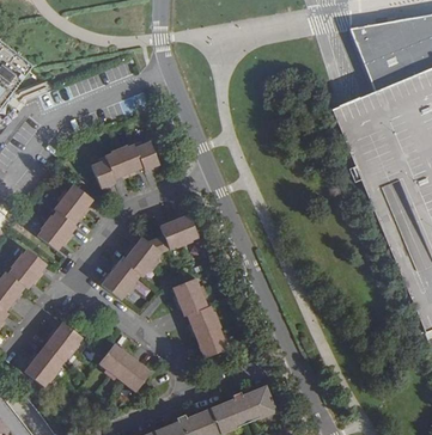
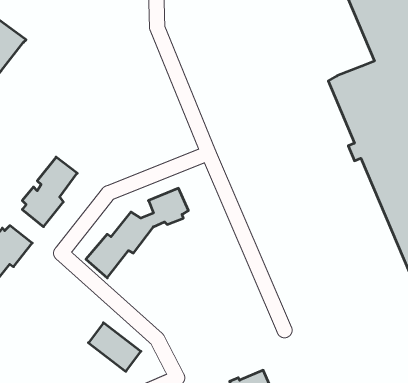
building: [91,139,163,186] -> none
building: [171,276,229,354] -> none
building: [24,321,81,385] -> none

